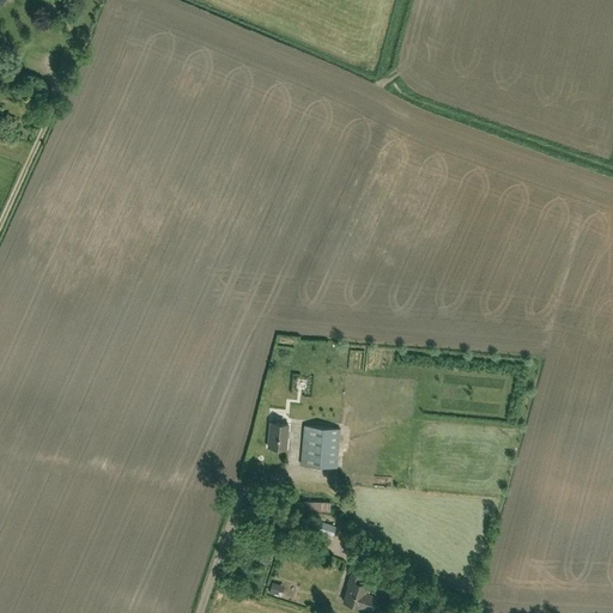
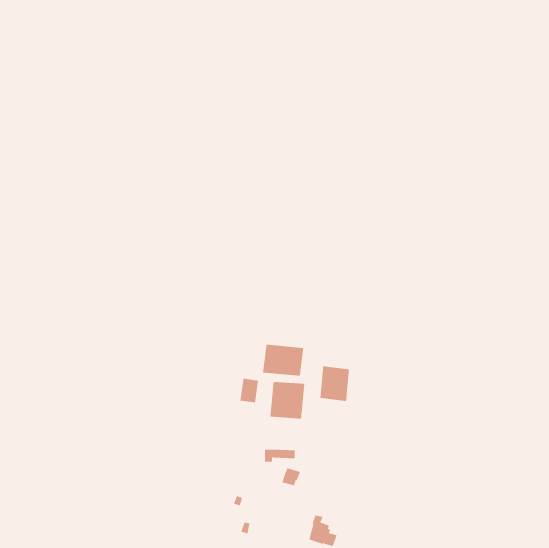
building: none -> [263,344,304,377]
building: none -> [320,366,350,402]

